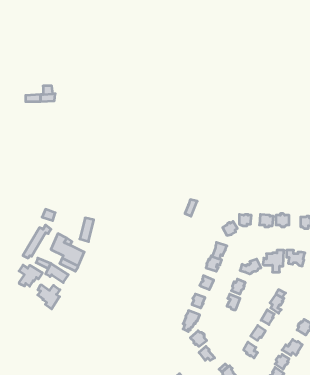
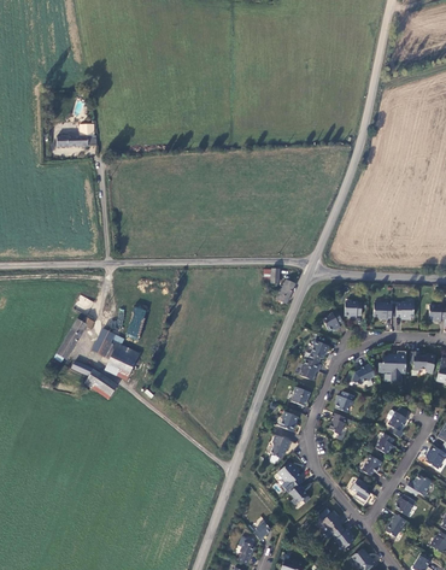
building: [19,265,42,286] -> none
building: [38,285,60,309] -> none

